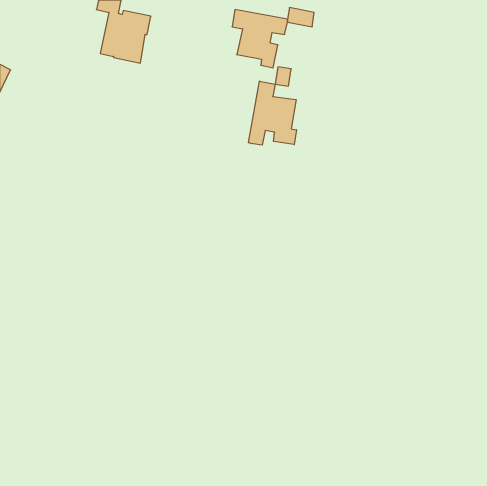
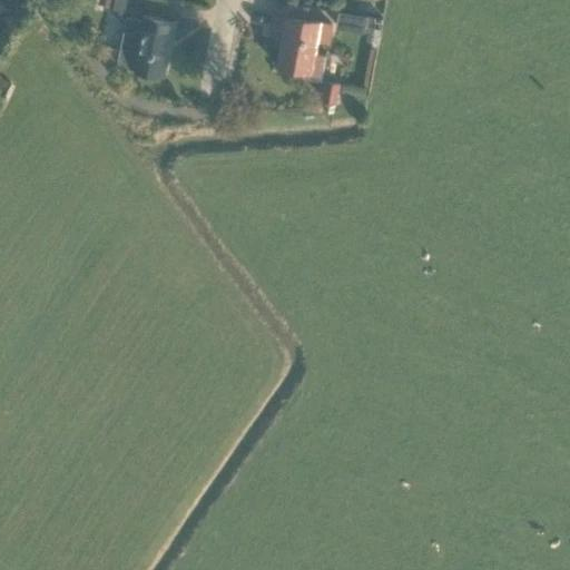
building: [248,81,296,145] -> none

